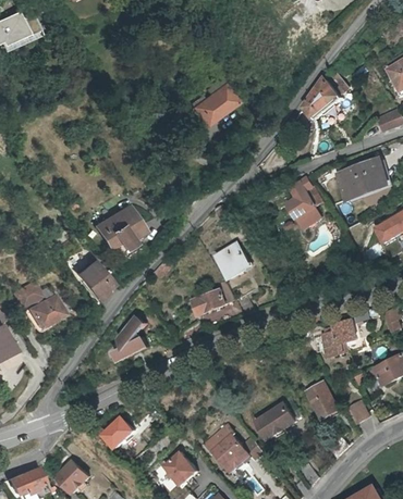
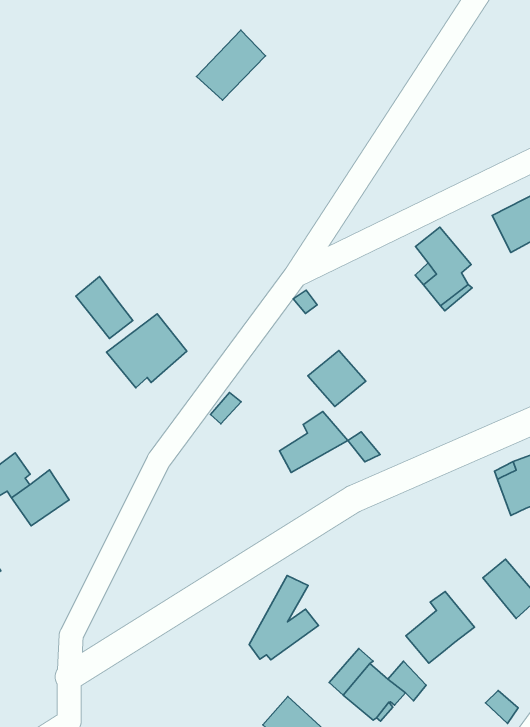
building: [304,67,349,117] -> none
building: [192,84,235,125] -> [196,30,265,100]
building: none -> [76,276,133,339]
building: [77,263,115,305] -> none
building: [106,314,149,364] -> [249,576,318,660]
building: [105,416,135,445] -> none

